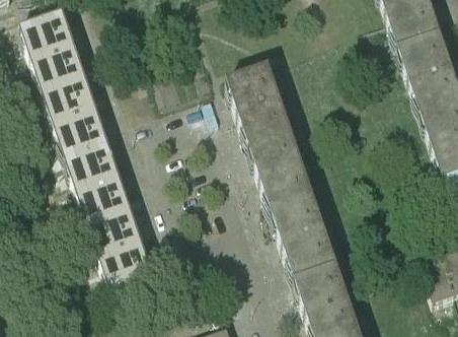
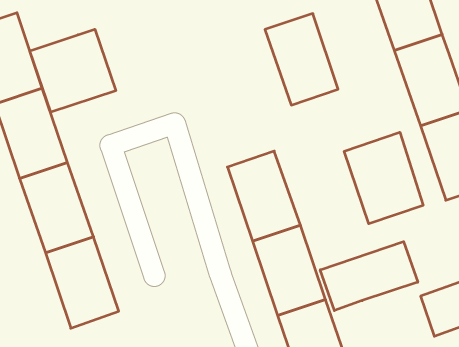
building: none -> [30,29,116,112]
building: [226,68,291,149] -> [265,14,338,105]
building: none -> [344,132,423,224]
building: none -> [320,242,418,311]

